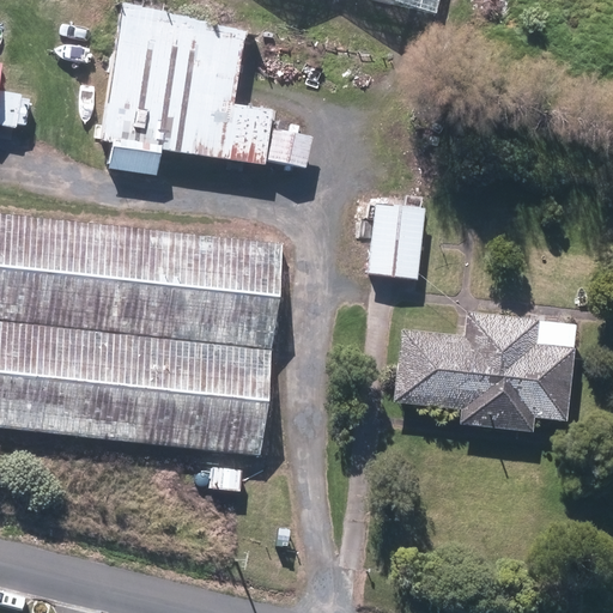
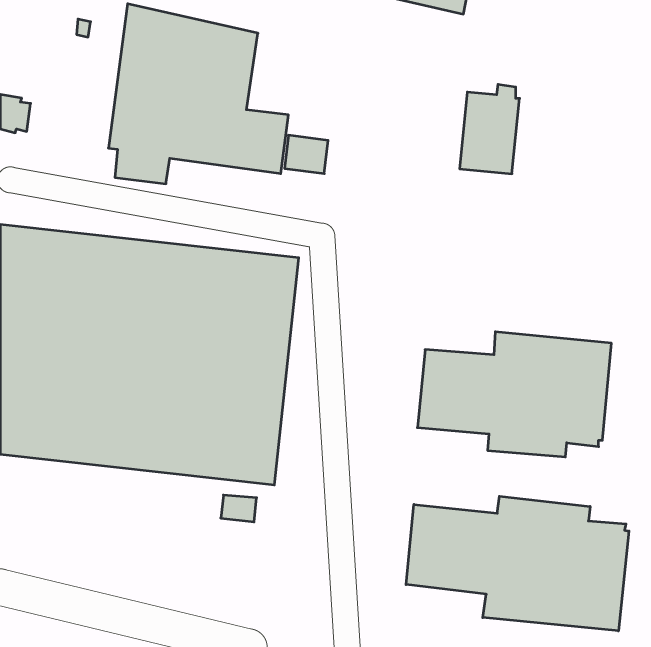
building: [368,194,424,278] -> [460,84,520,174]
building: none -> [406,496,629,631]

